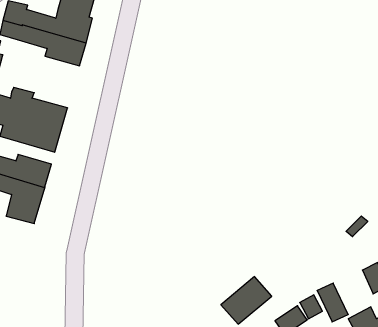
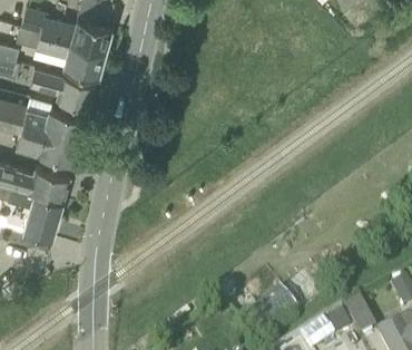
building: none -> [30,68,96,109]

